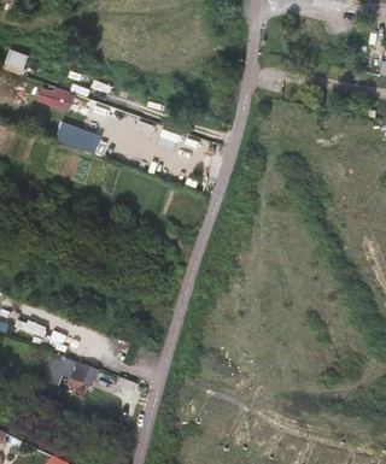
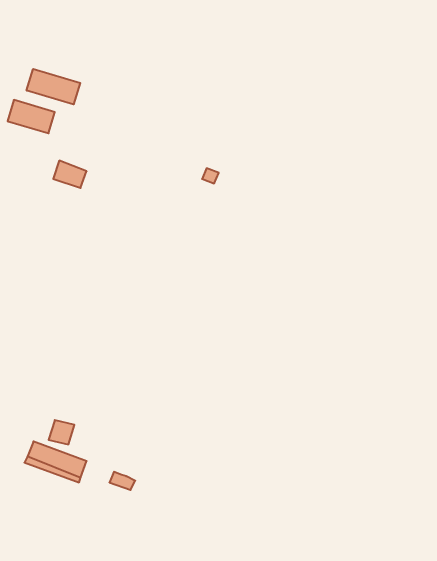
building: none -> [27,69,80,104]

